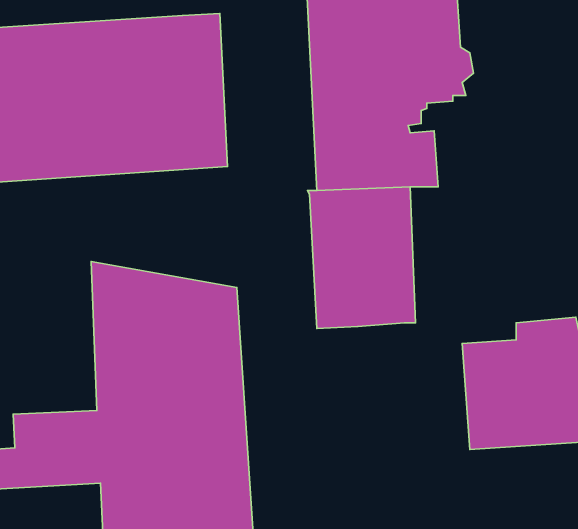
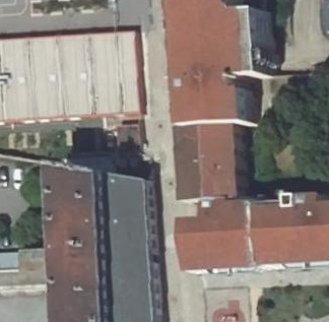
building: none -> [181,198,263,272]

